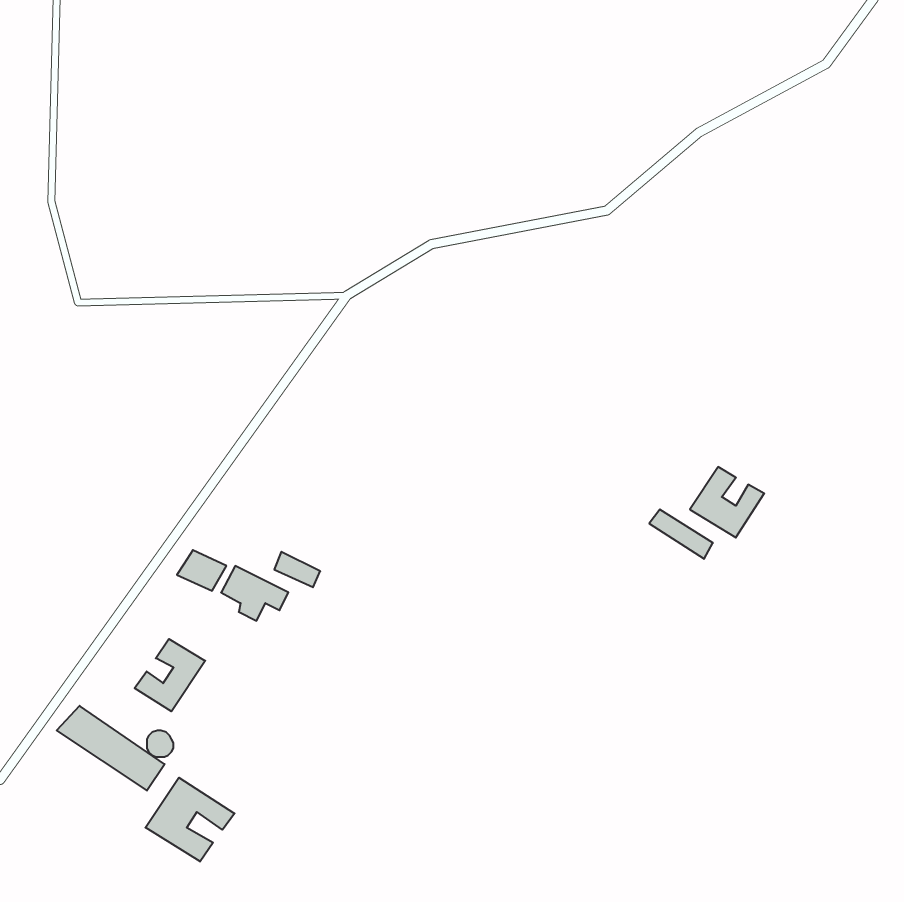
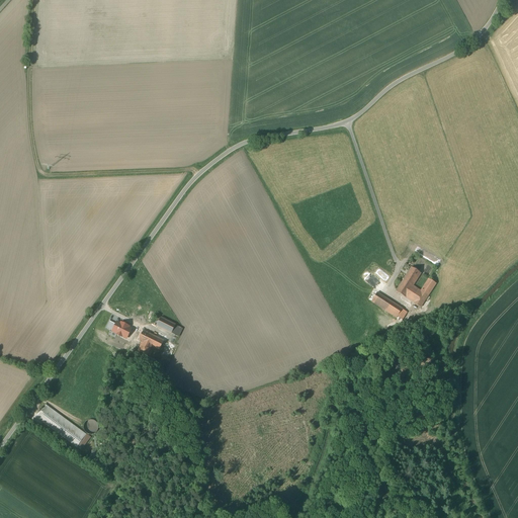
building: [135,639,205,711] -> none
building: [145,778,235,862] -> none

